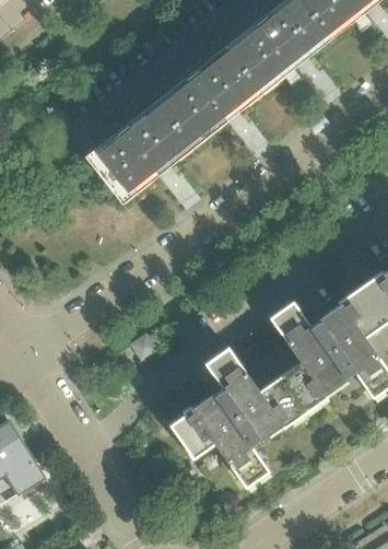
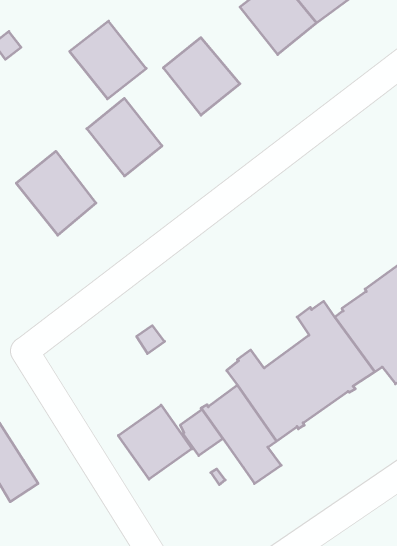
building: [190,48,259,117] -> none
building: [121,103,190,173] -> [70,21,146,99]
building: none -> [16,151,96,235]
building: none -> [118,405,192,479]

